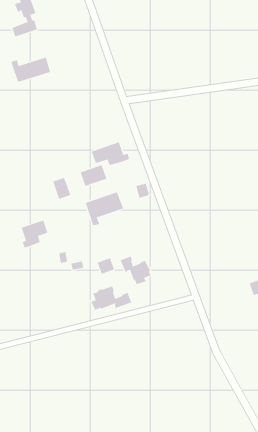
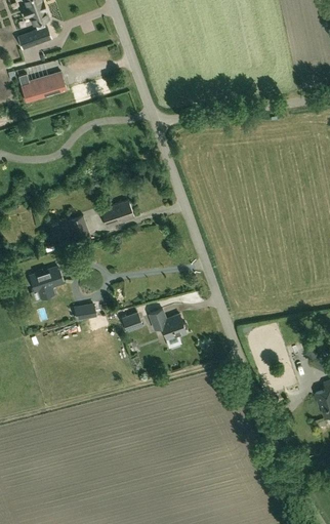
building: [91,142,130,166] -> none
building: [85,192,124,226] -> none
building: [90,286,132,311] -> none

